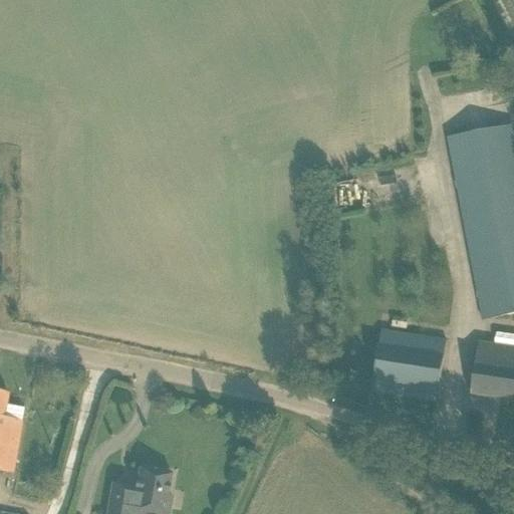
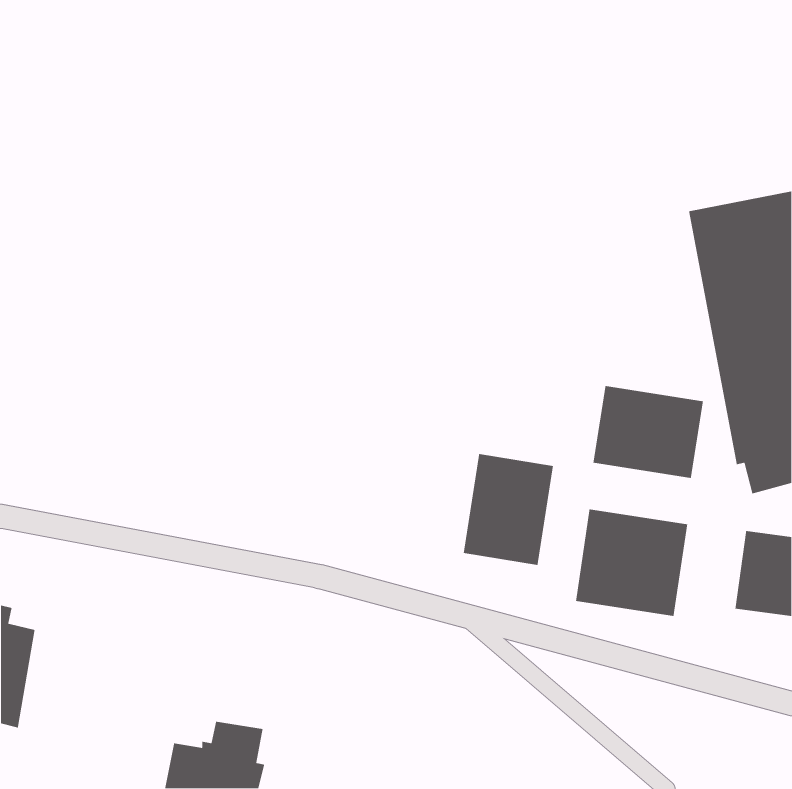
building: none -> [593,385,704,479]
building: none -> [463,453,554,566]

